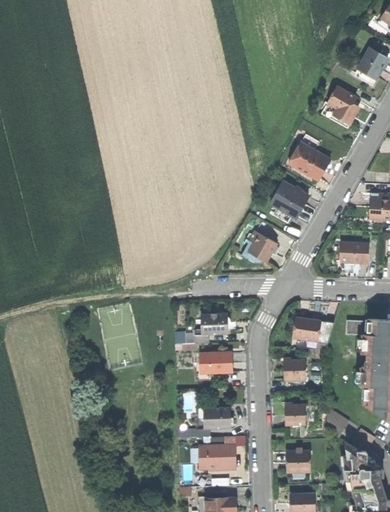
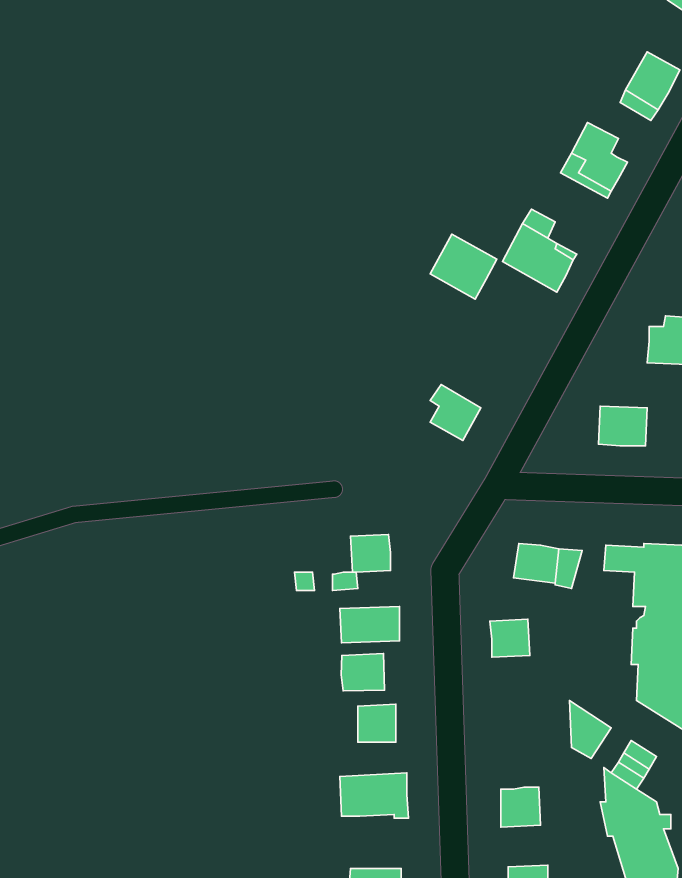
building: [271,181,308,217] -> [430,234,497,299]
building: none -> [341,654,385,691]
building: [284,405,305,425] -> none

